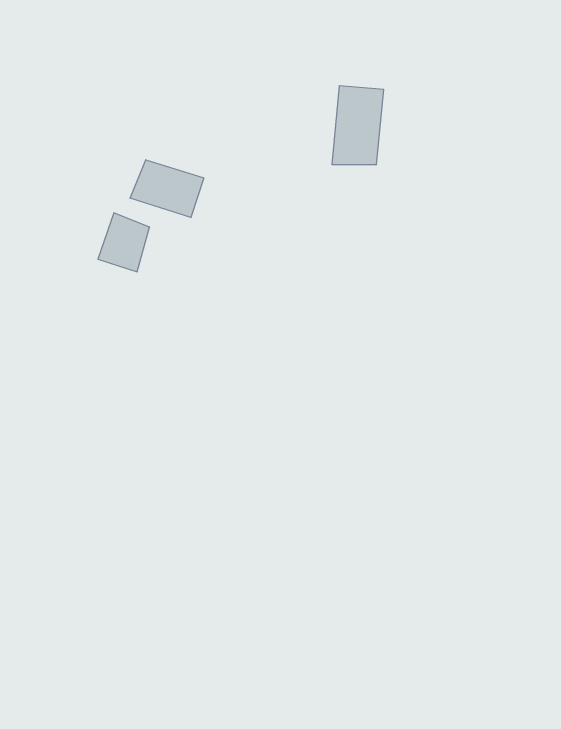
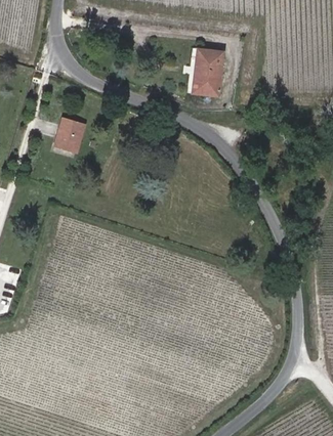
building: [130,160,204,218] -> none

